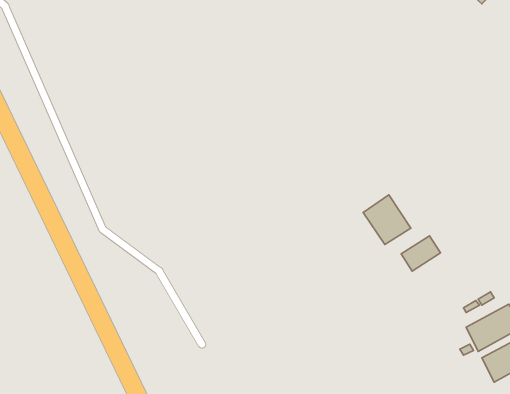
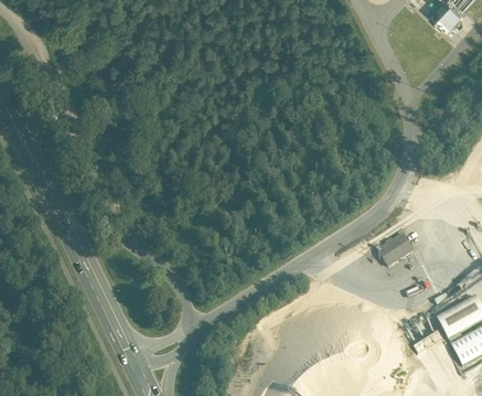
building: [363,195,411,245] -> none

